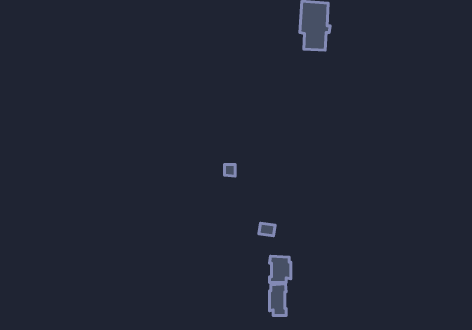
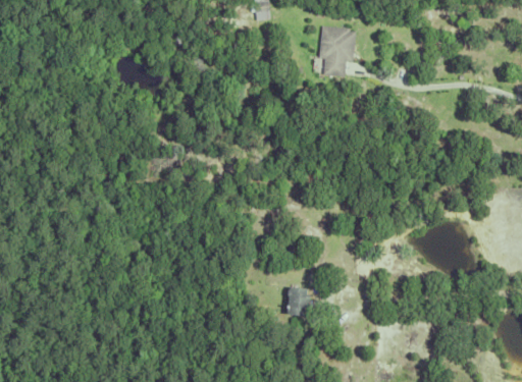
building: [269,284,286,316] -> none

